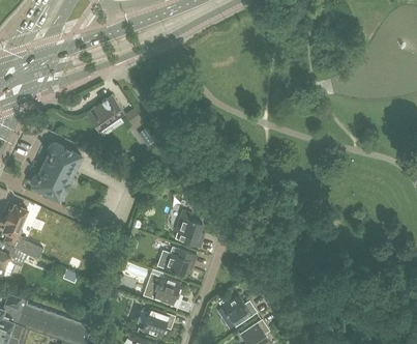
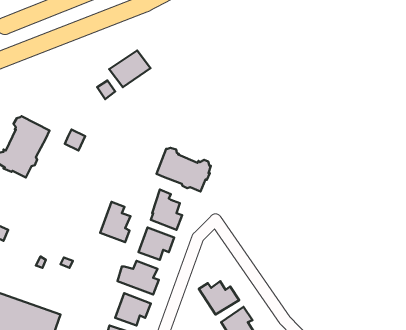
building: [86,95,124,130] -> [109,50,151,87]
building: none -> [157,148,211,191]
building: none -> [100,202,130,242]

